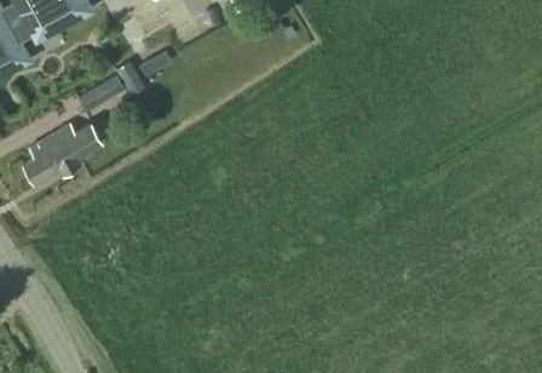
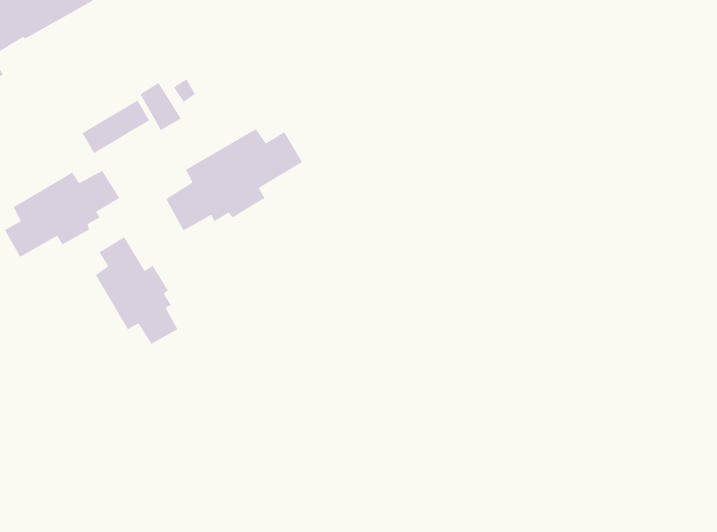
building: none -> [165,128,303,231]
building: none -> [95,236,179,345]

